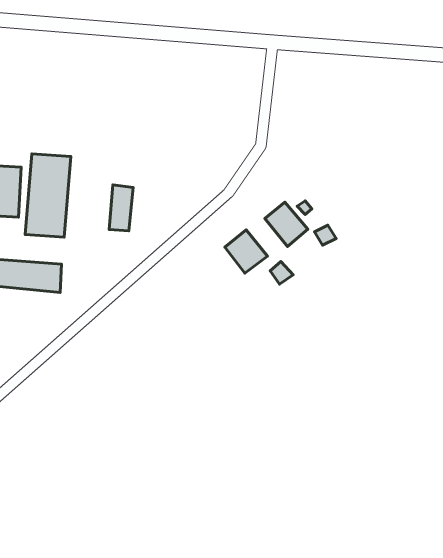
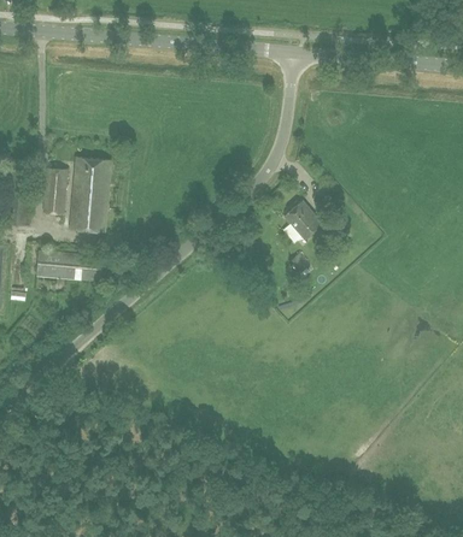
building: [109,185,133,231] -> none
building: [225,230,267,273] -> none

